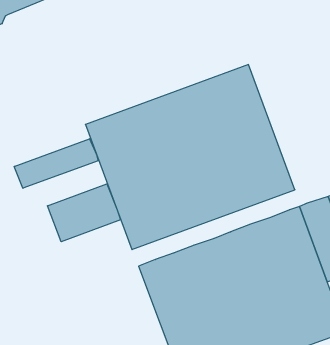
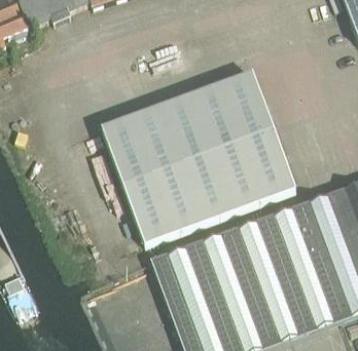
building: [14,139,98,188] -> none
building: [47,184,121,242] -> none

